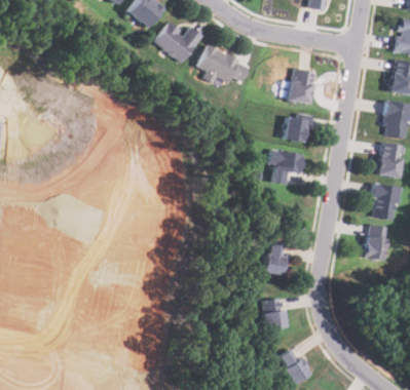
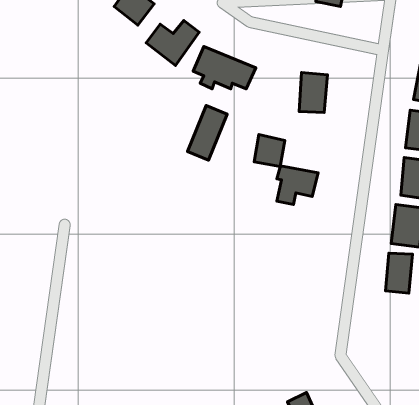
building: none -> [187,106,227,160]
building: [284,115,310,143] -> [254,135,285,166]
building: [263,240,291,275] -> none
building: [263,297,288,329] -> none

